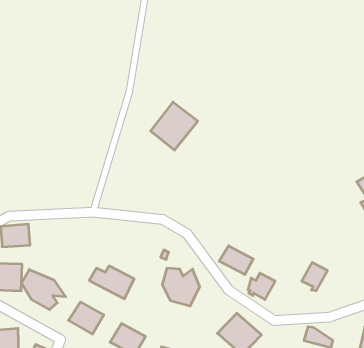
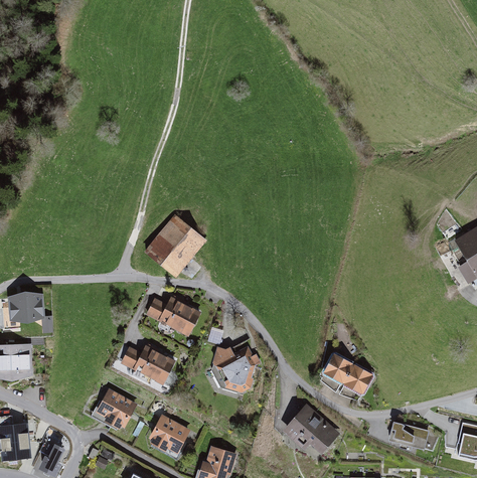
building: [151,102,198,150] -> [145,214,204,275]
building: none -> [147,296,202,337]
building: [219,246,253,275] -> none
building: [302,263,327,291] -> [339,364,371,400]
building: [21,269,66,310] -> none

